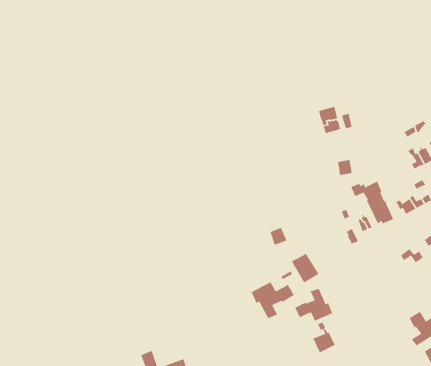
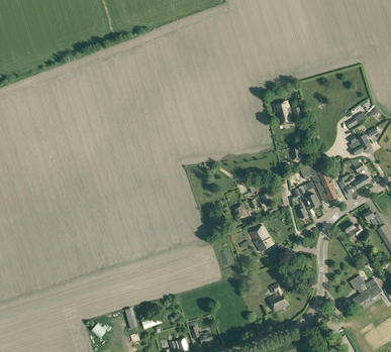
building: [250,281,295,319] -> none
building: [294,288,333,322] -> none

